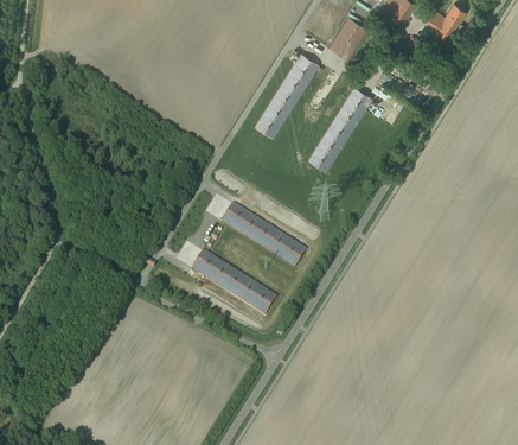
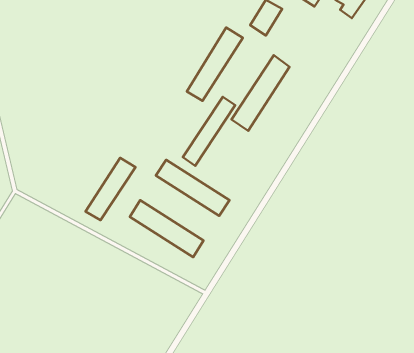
building: none -> [183,97,235,166]
building: none -> [86,158,135,220]

